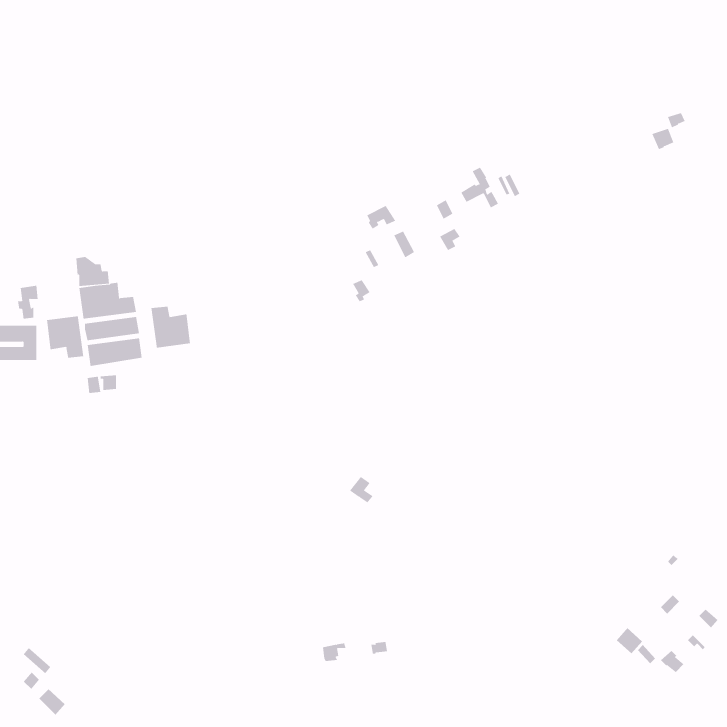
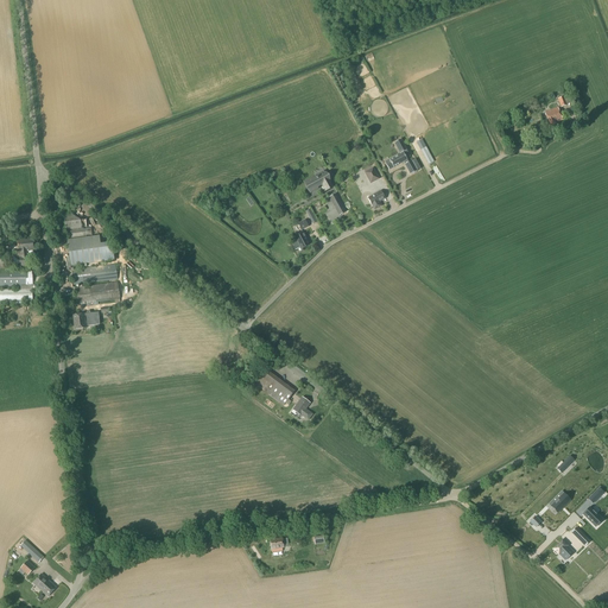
building: [151,306,190,348] -> none
building: [46,315,84,358] -> none
building: none -> [252,367,293,405]

